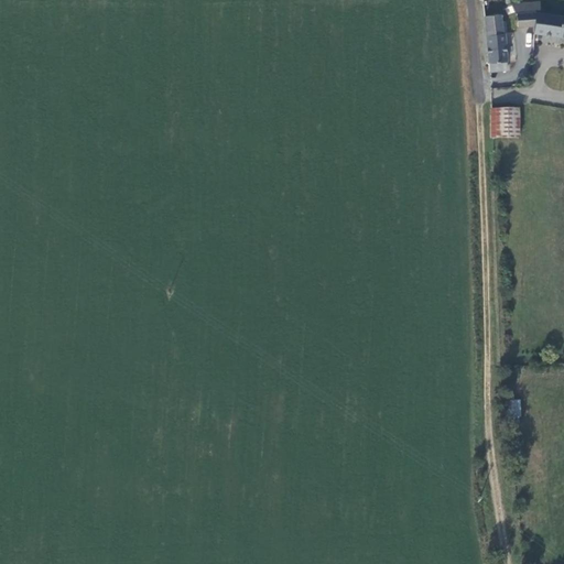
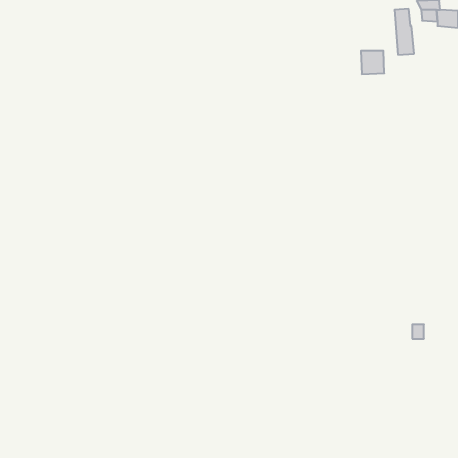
building: [491,108,520,137] -> [361,51,384,74]

